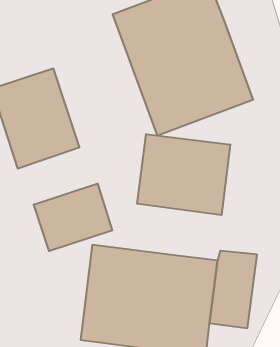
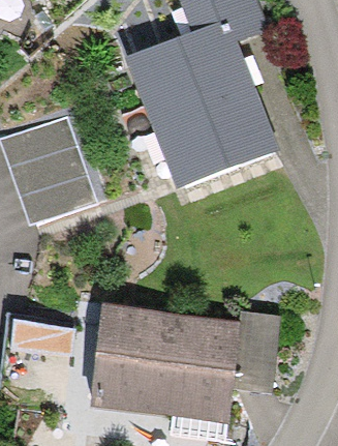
building: [137,134,230,215] -> none
building: [34,184,112,251] -> none

